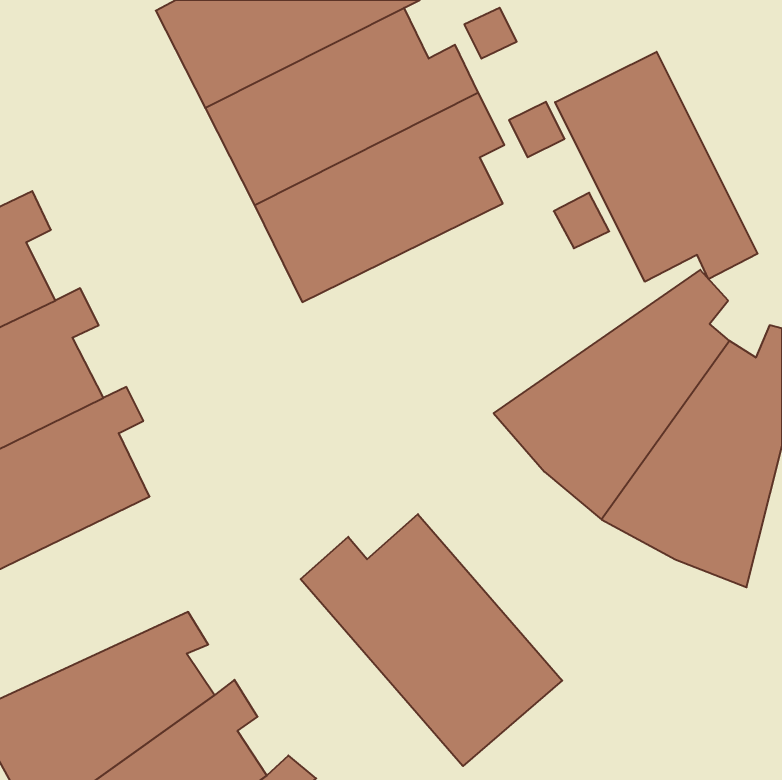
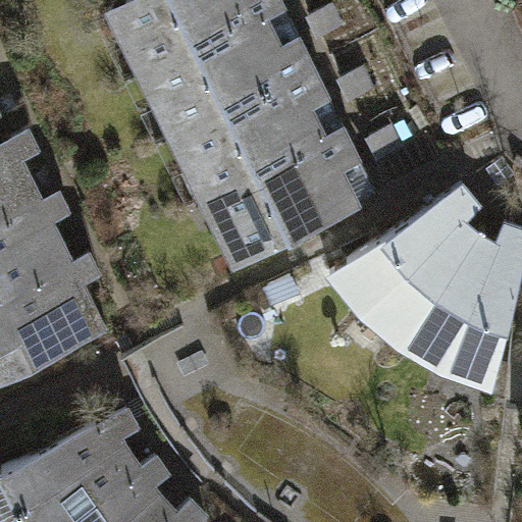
building: [555,52,758,282] -> none
building: none -> [200,132,364,269]
building: [301,514,562,766] -> none

